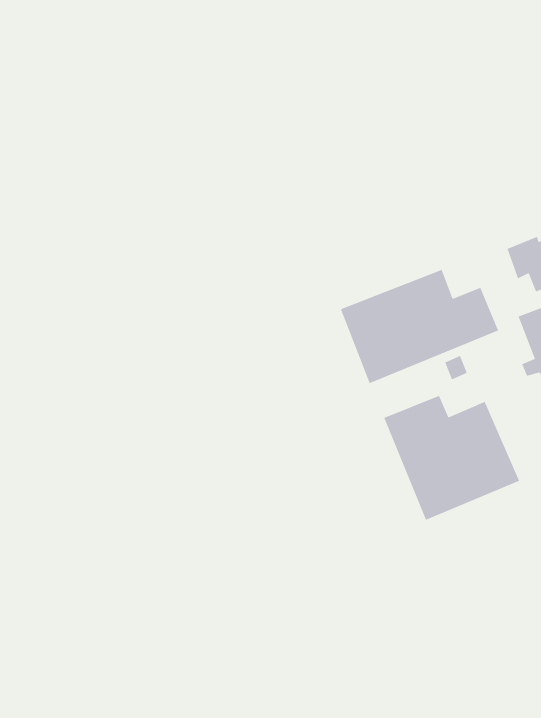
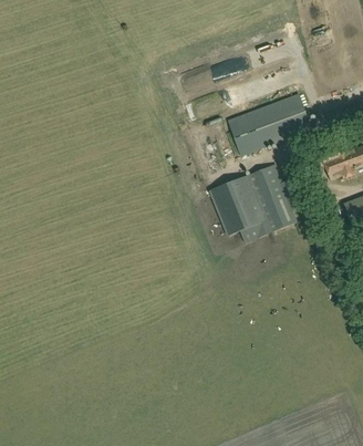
building: none -> [228,93,313,156]
building: [383,395,520,521] -> none

